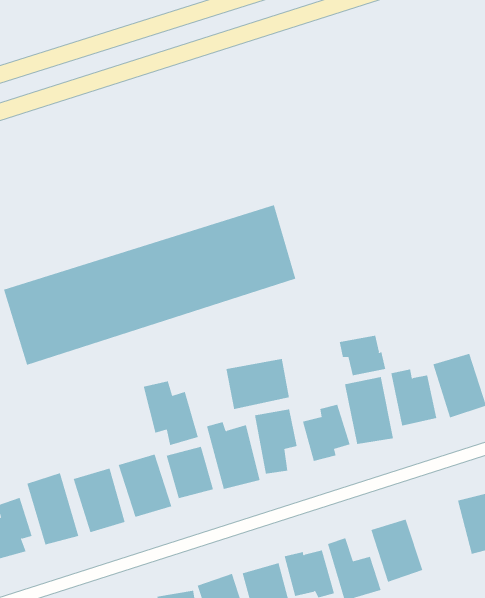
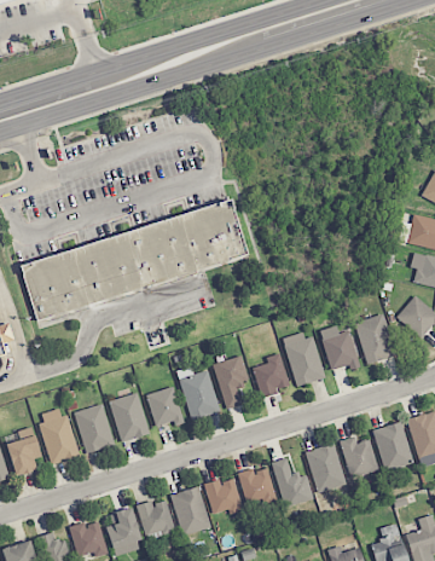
building: [339,335,386,376] -> none
building: [226,358,289,410] -> none
building: [143,381,198,446] -> none
building: none -> [340,435,379,478]

